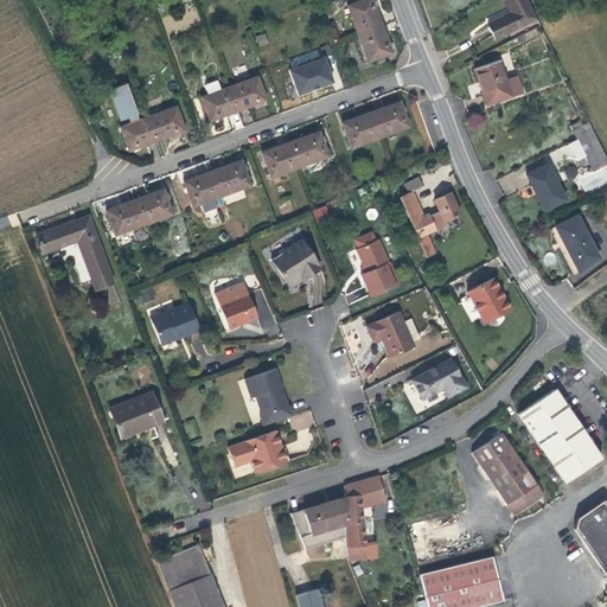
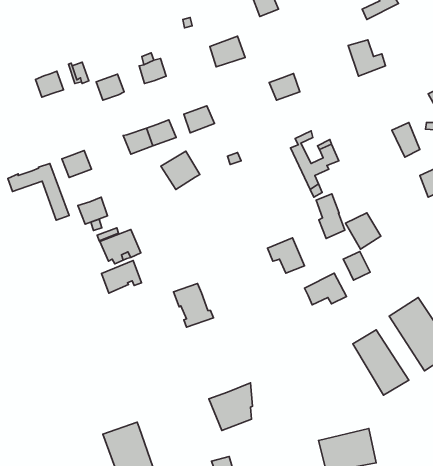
building: [357,21,390,58] -> none
building: [230,74,266,107] -> none
building: [121,114,156,147] -> [35,71,63,97]
building: [340,115,378,149] -> none
building: [289,134,326,167] -> none
building: [133,191,171,225] -> [78,197,108,224]
building: [271,242,321,290] -> [161,151,200,189]
building: [357,242,394,299] -> [316,194,345,238]
building: [217,285,260,330] -> none
building: none -> [343,252,370,280]
building: [110,390,161,432] -> [102,260,141,293]
building: [225,430,287,474] -> none
building: [344,477,388,560] -> none

